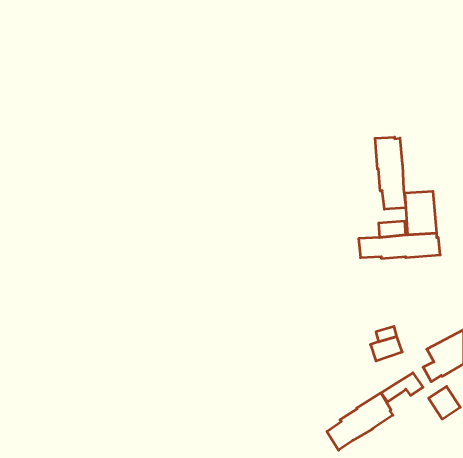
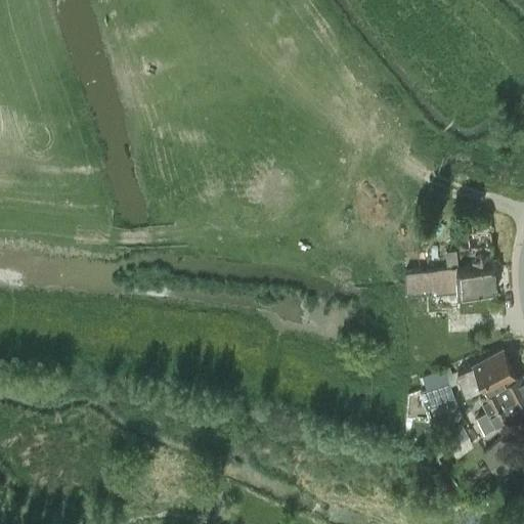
building: [375,137,406,209] -> none
building: none -> [457,353,517,398]
building: [327,393,393,450] -> none

